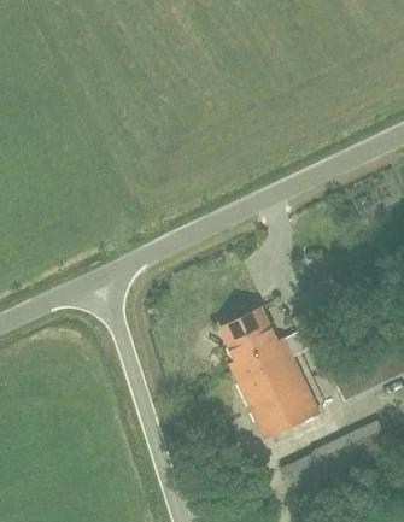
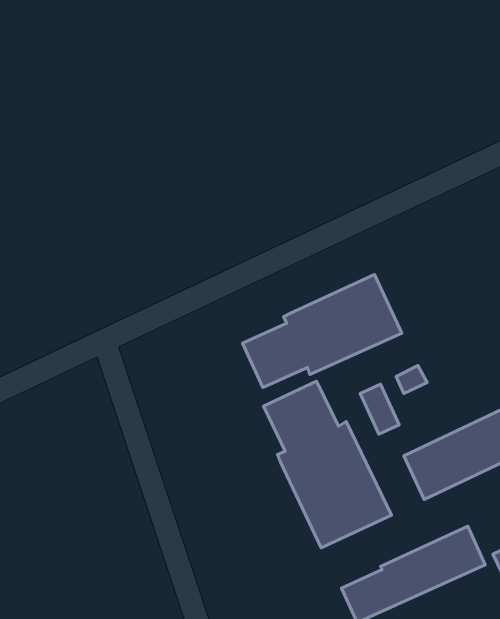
building: none -> [242,275,402,388]

